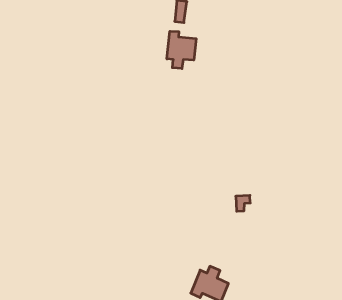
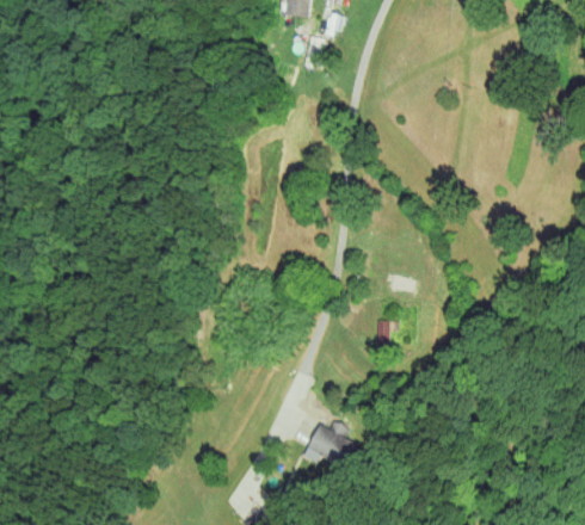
building: [167,31,196,69] -> none

